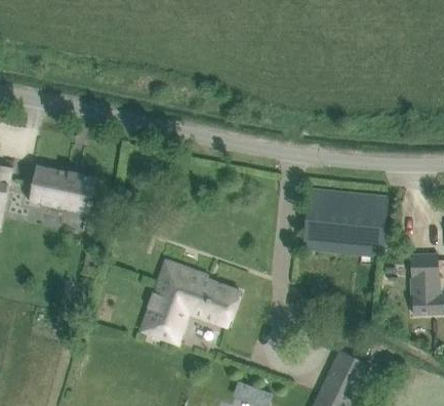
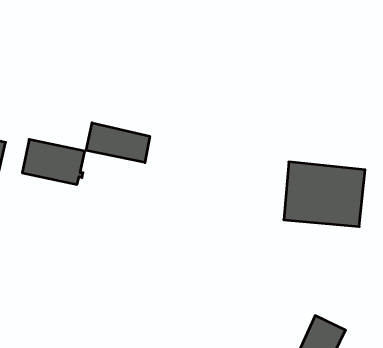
building: none -> [86,123,150,163]
building: [140,259,240,346] -> none

